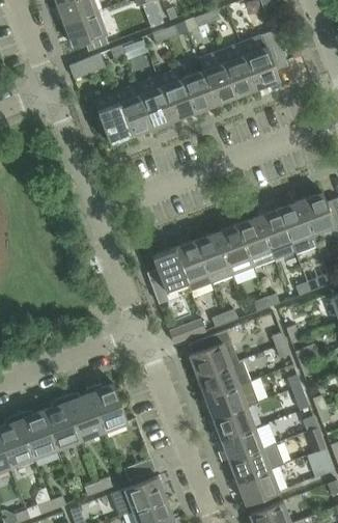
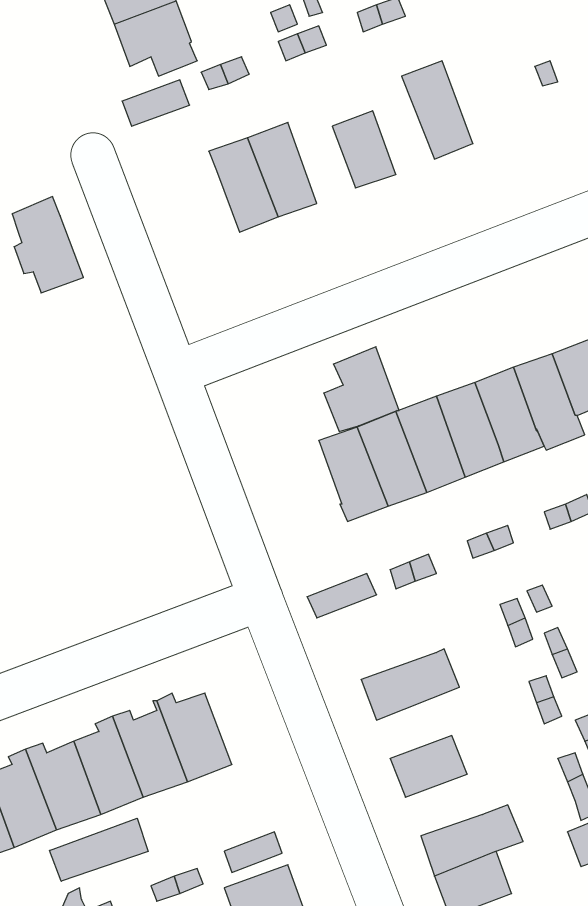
building: [241,31,287,88] -> none
building: [199,52,236,105] -> none
building: [158,70,194,120] -> none
building: [93,92,132,144] -> [12,197,83,293]
building: [146,248,187,294] -> [324,347,399,432]
building: [189,330,237,377] -> none
building: [205,381,258,419] -> none
building: [221,428,262,461] -> none
building: none -> [50,818,148,881]

